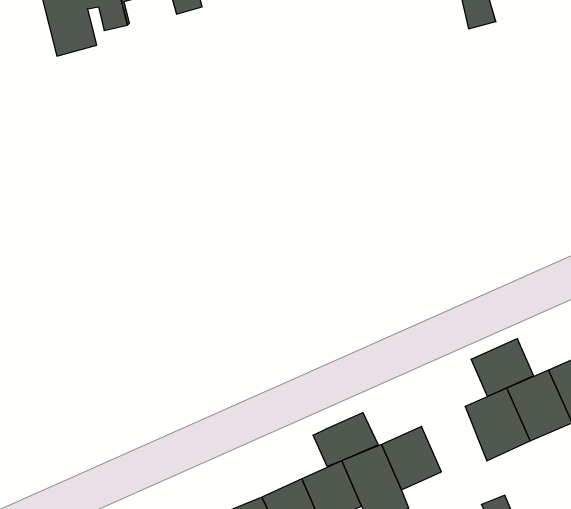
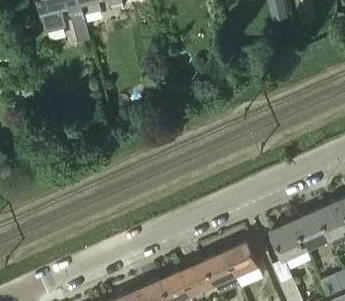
building: [471,339,533,397] -> none
building: [313,413,378,466] -> none

